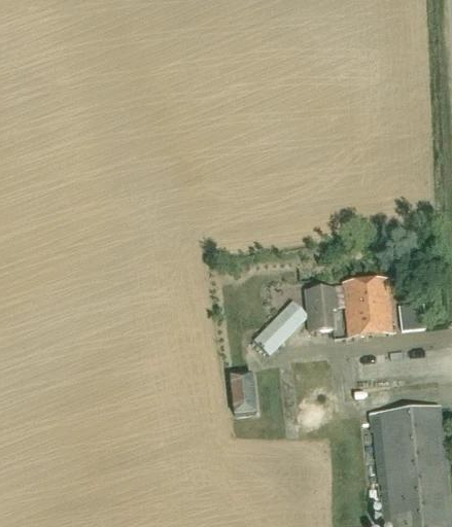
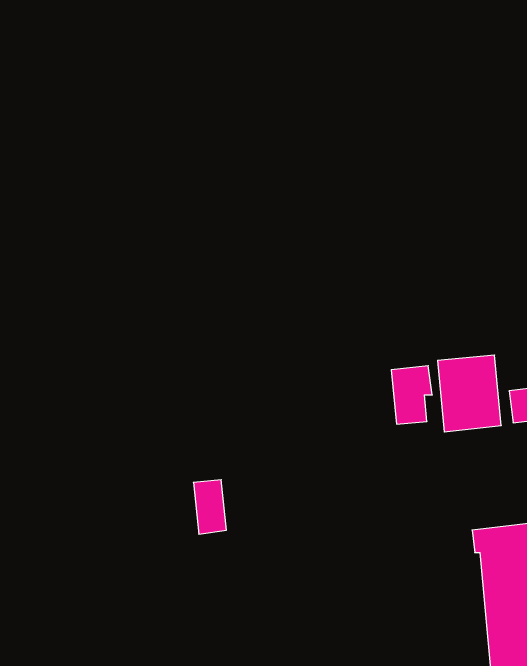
building: [253,298,309,354] -> none
building: [230,372,255,414] -> [193,480,226,534]

